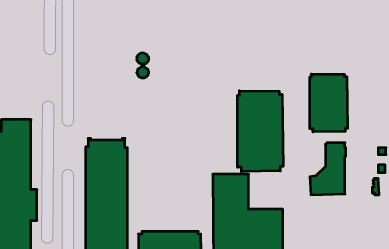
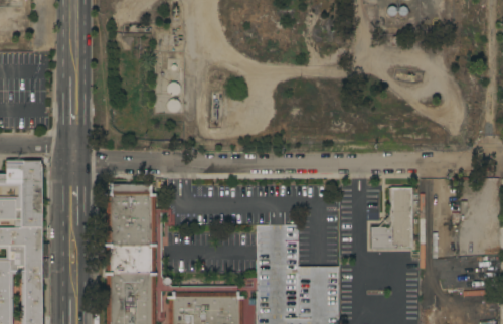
building: [310,74,348,132] -> none
building: [238,91,283,172] -> none

